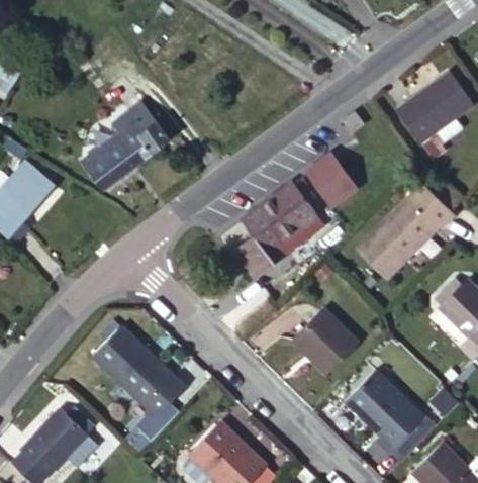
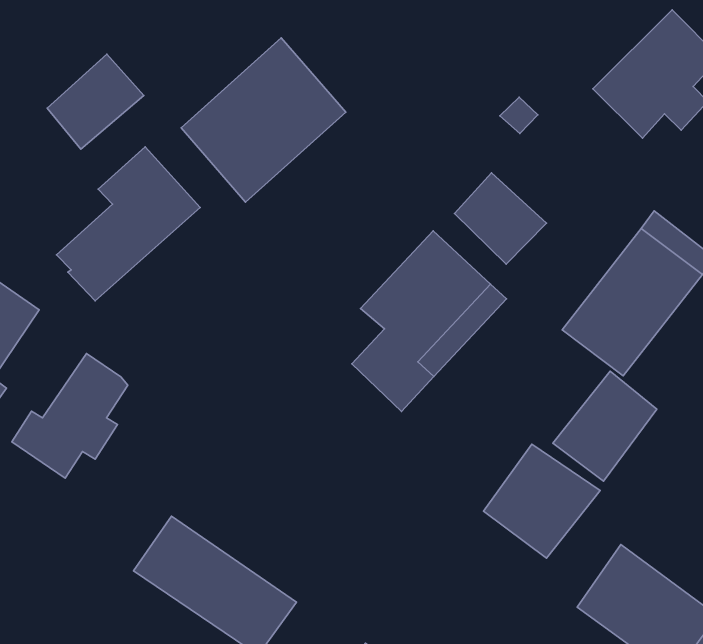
building: none -> [47,54,144,149]
building: none -> [181,38,346,202]
building: none -> [12,354,128,478]
building: none -> [553,371,657,481]

